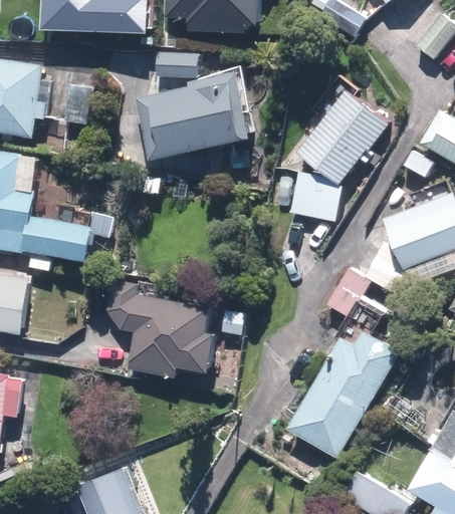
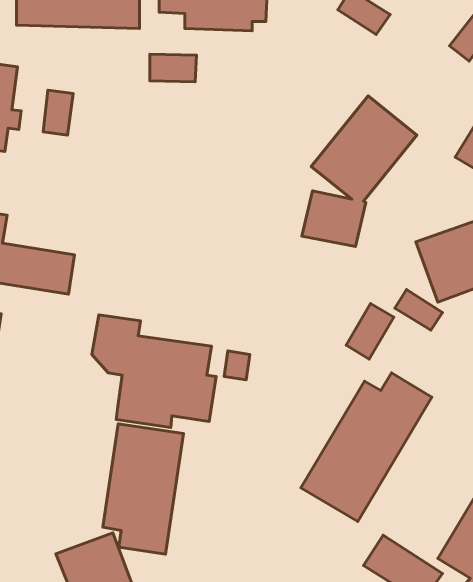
building: [134,74,250,161] -> none
building: none -> [103,424,184,554]

